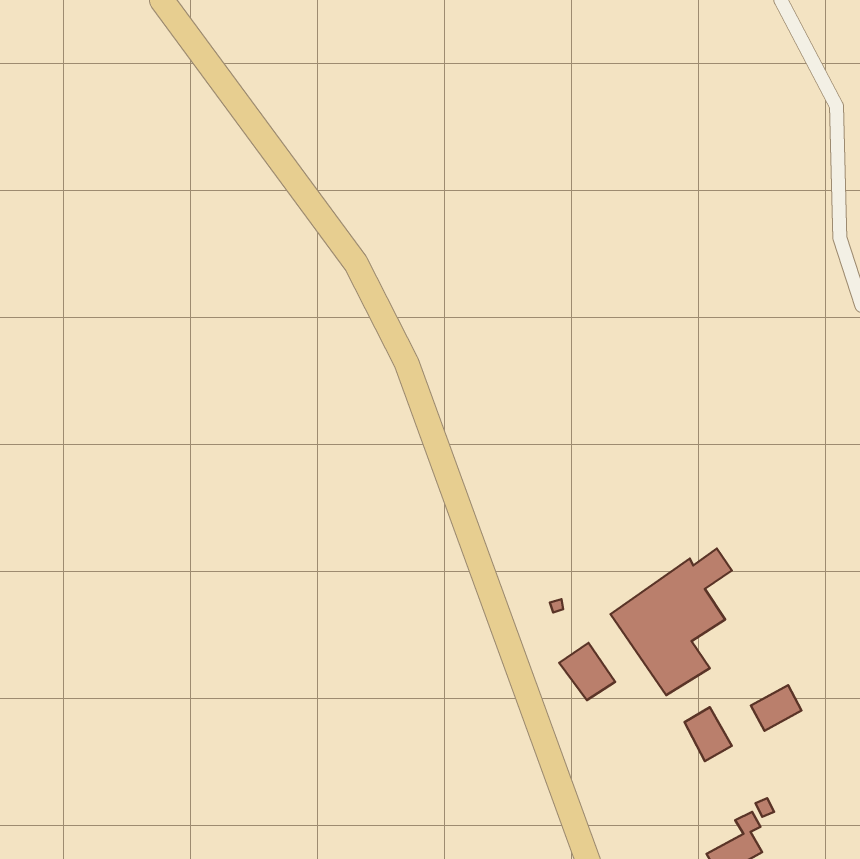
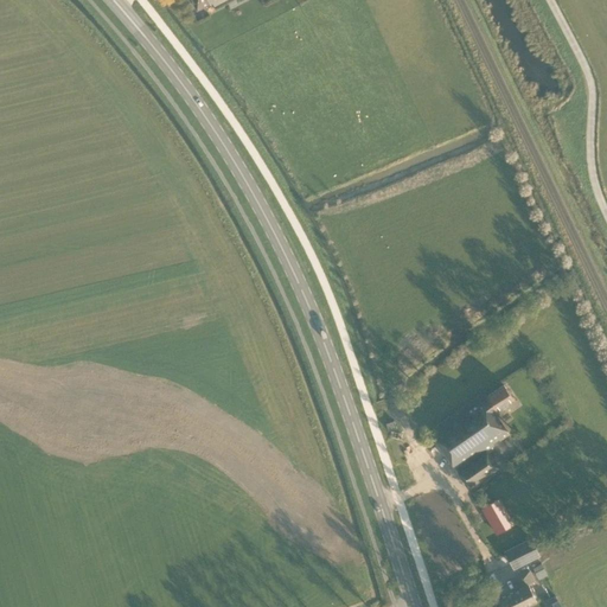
building: [559,643,615,700] -> none
building: [751,685,802,731] -> [505,539,541,571]

